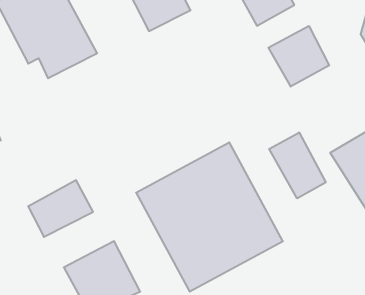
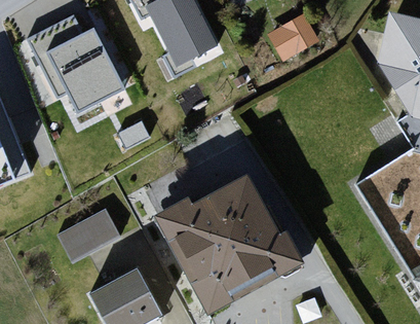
building: [268,26,329,87] -> none
building: [269,132,326,198] -> none

